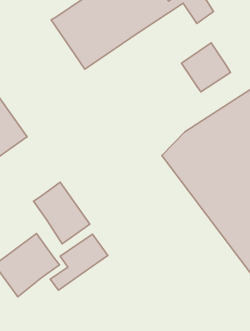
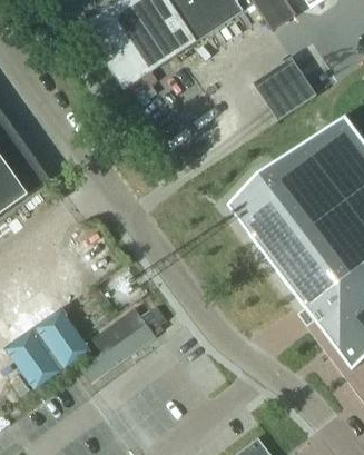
building: [33,182,90,244] -> none

